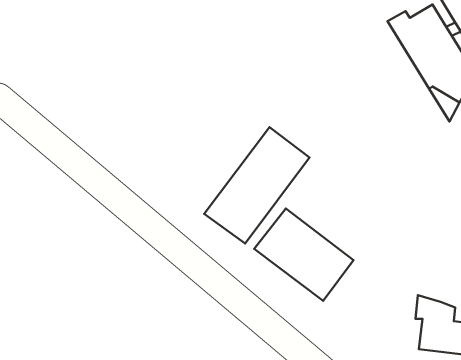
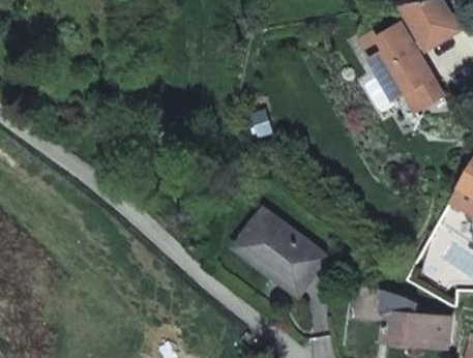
building: [204,127,309,243] -> none

